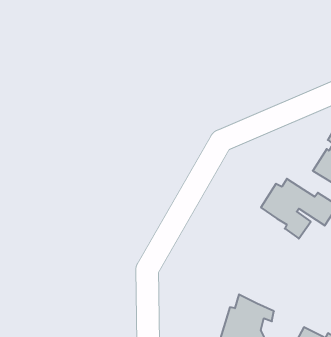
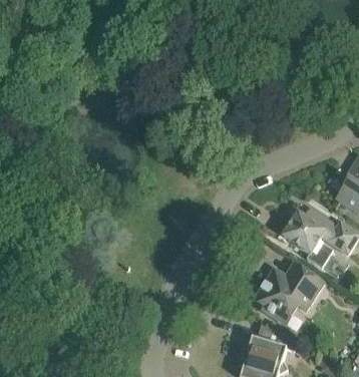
building: none -> [254,263,323,325]

